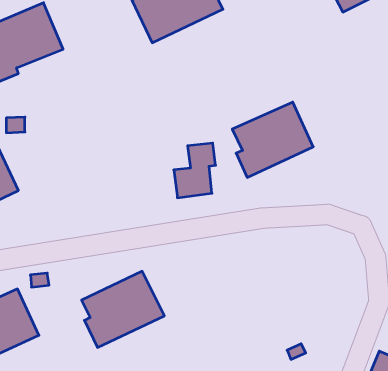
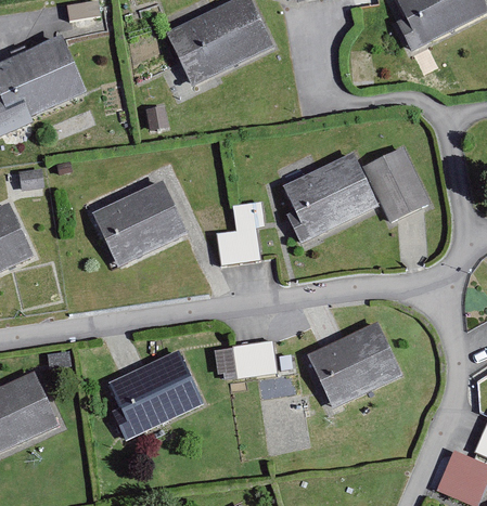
building: none -> [364,148,428,220]
building: none -> [93,180,188,265]
building: none -> [307,321,400,403]
building: none -> [213,340,277,380]

